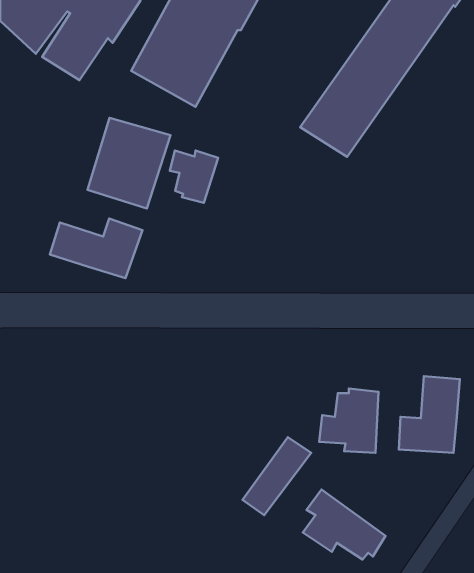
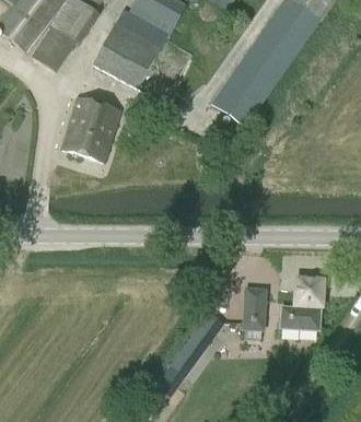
building: [170,151,218,203] -> none
building: [50,218,142,278] -> none
building: [303,489,385,559] -> none

